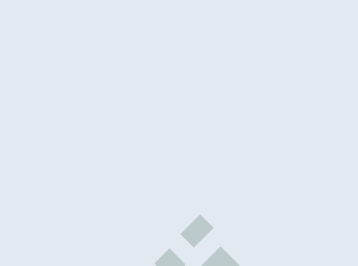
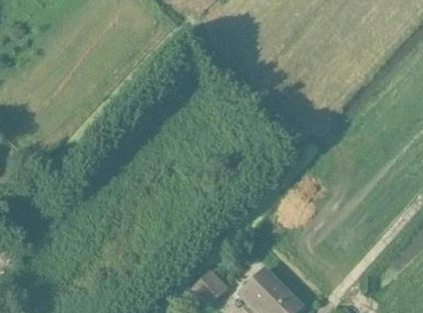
building: [180,214,214,248] -> none

